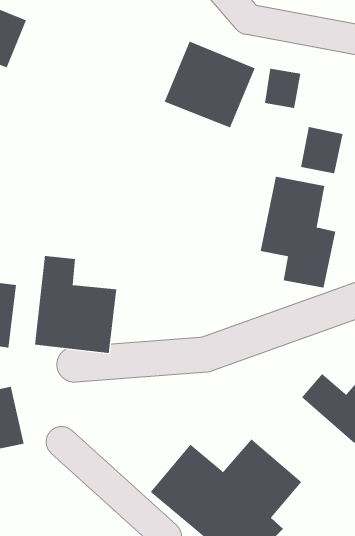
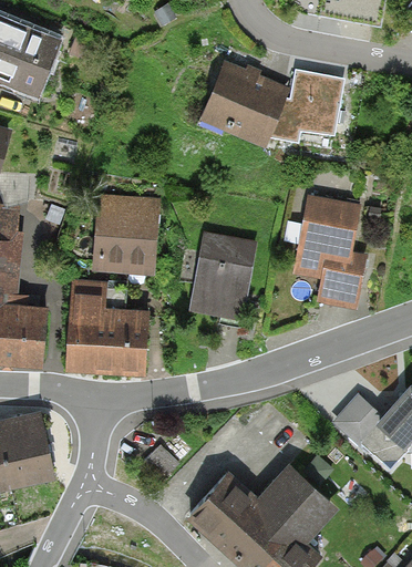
building: [301,126,343,174] -> none
building: none -> [89,192,161,277]
building: none -> [189,233,260,323]

